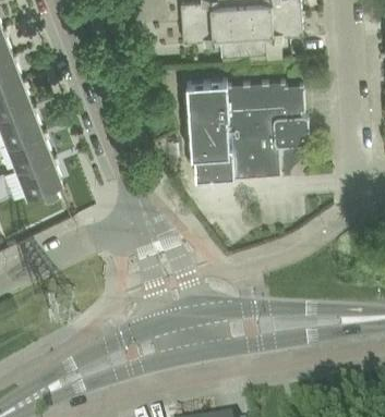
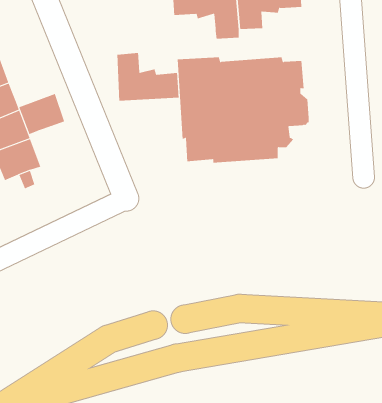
building: none -> [117,52,179,102]
building: none -> [19,93,65,135]

